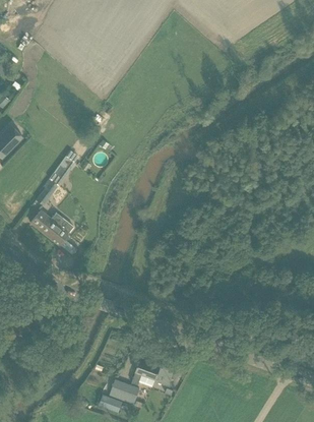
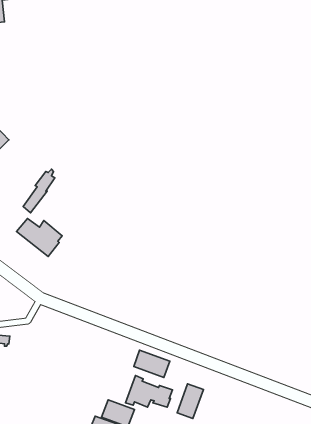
building: none -> [134,350,170,377]
building: none -> [177,384,203,418]

